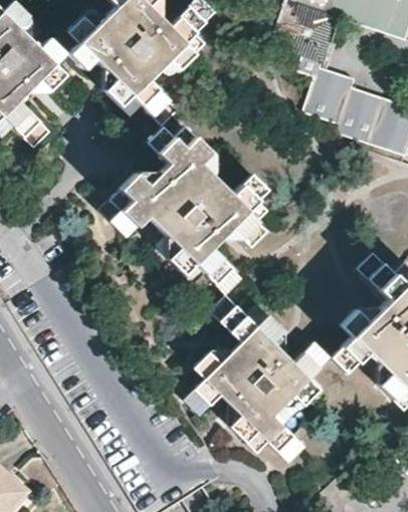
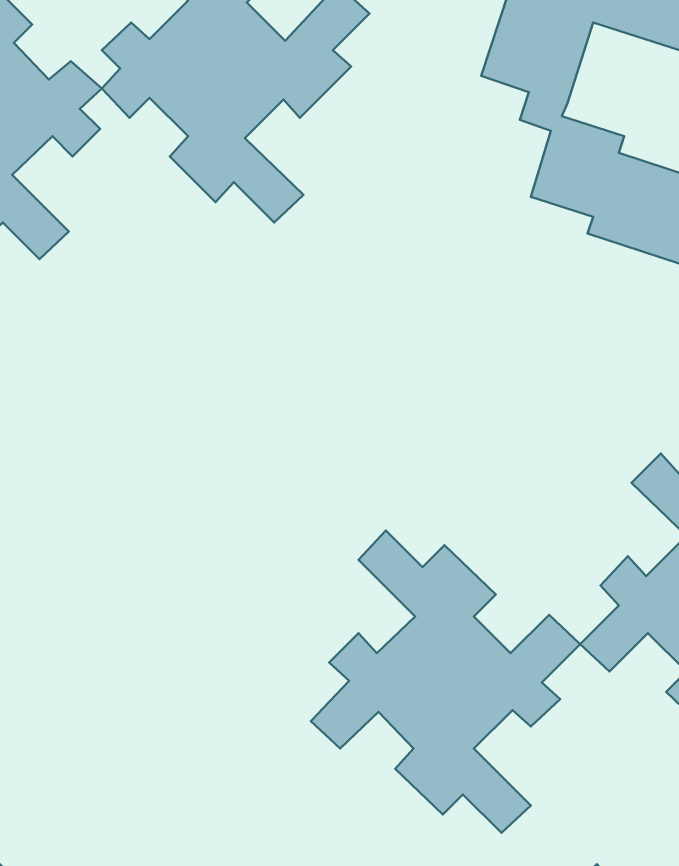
building: [99,125,269,295] -> none

